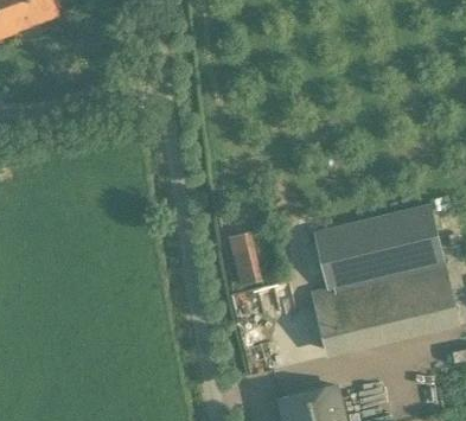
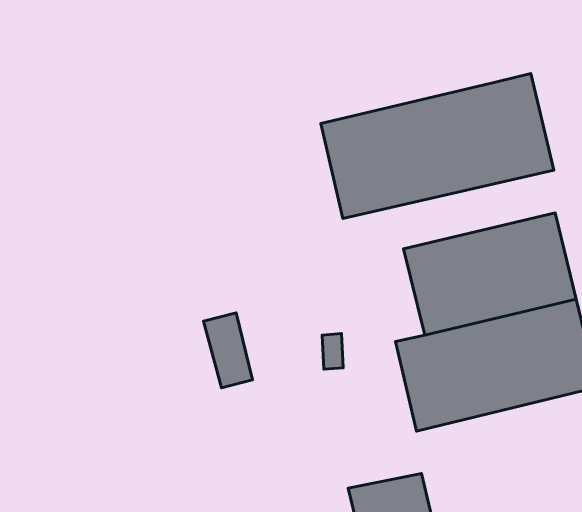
building: none -> [321,73,554,219]
building: [226,231,262,286] -> [204,313,253,388]

